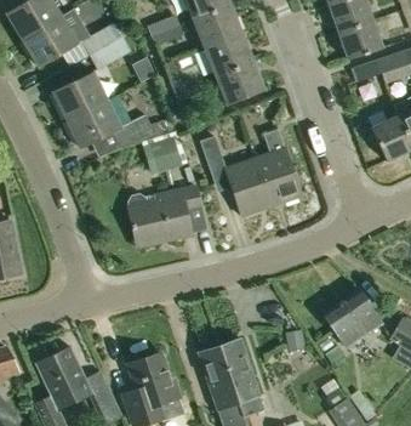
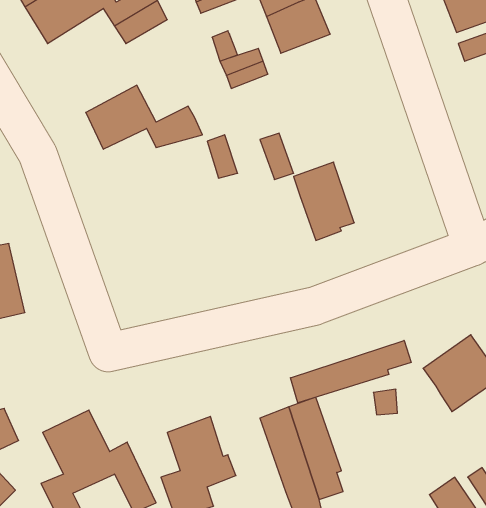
building: [216,61,264,104] -> none
building: [53,73,107,120] -> none
building: [256,129,303,204] -> none
building: [129,187,201,239] -> none
building: none -> [290,340,411,403]

